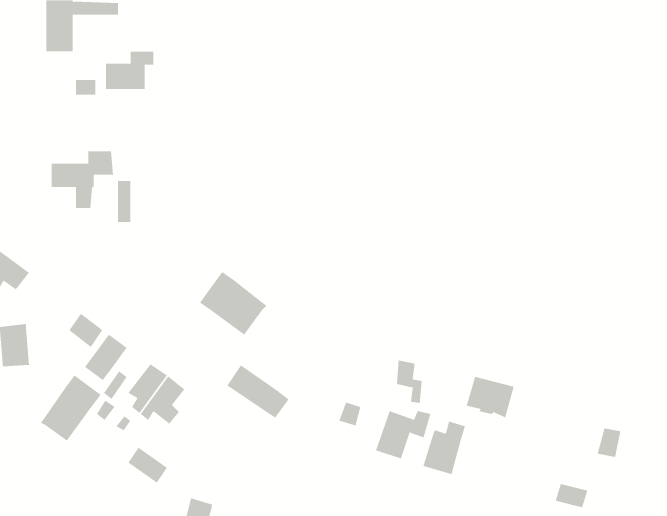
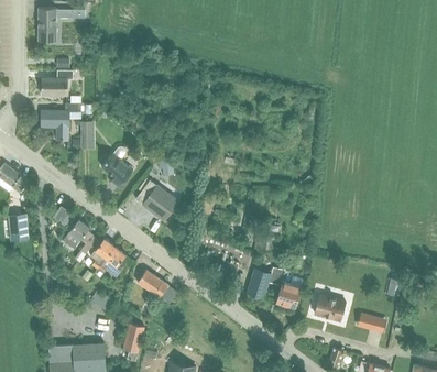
building: [105,51,154,89] -> [41,69,72,94]
building: none -> [100,146,132,186]
building: [227,365,289,418] -> [136,269,176,303]
building: [40,375,101,442] -> none
building: [466,376,515,418] -> [314,294,345,320]

